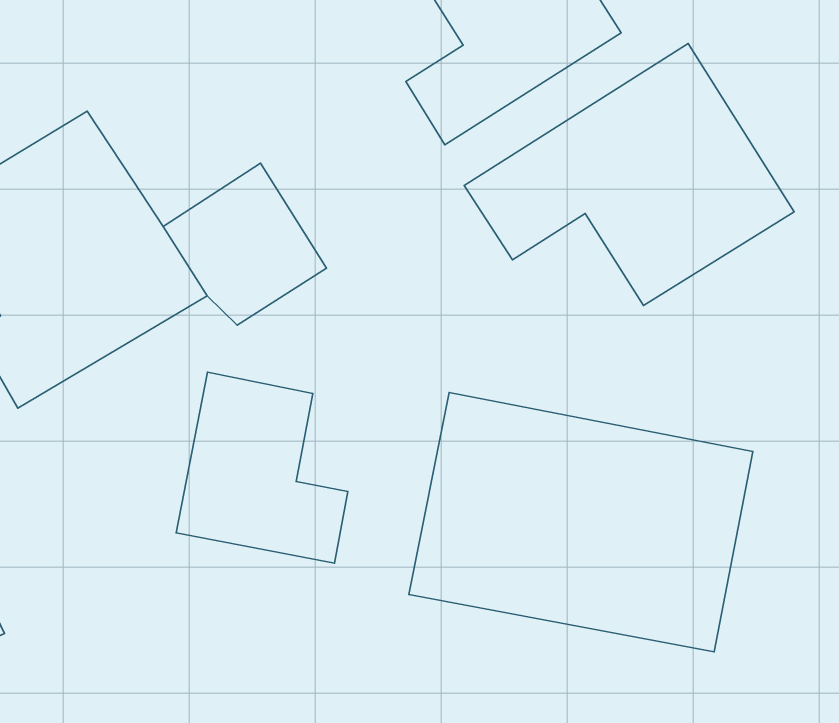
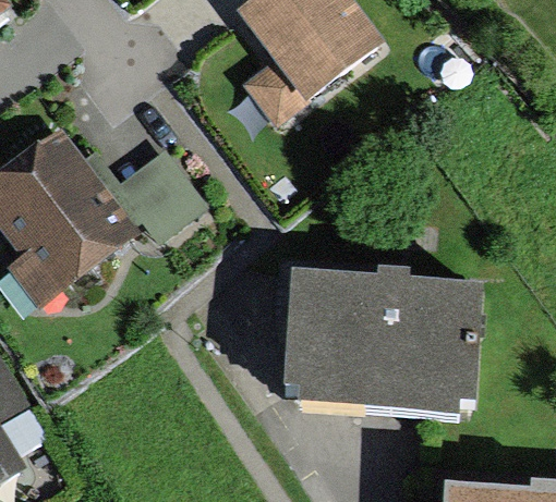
building: [464,43,794,305] -> none
building: [176,372,348,563] -> none

